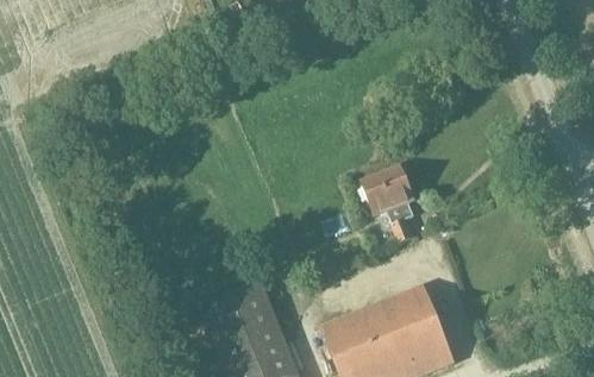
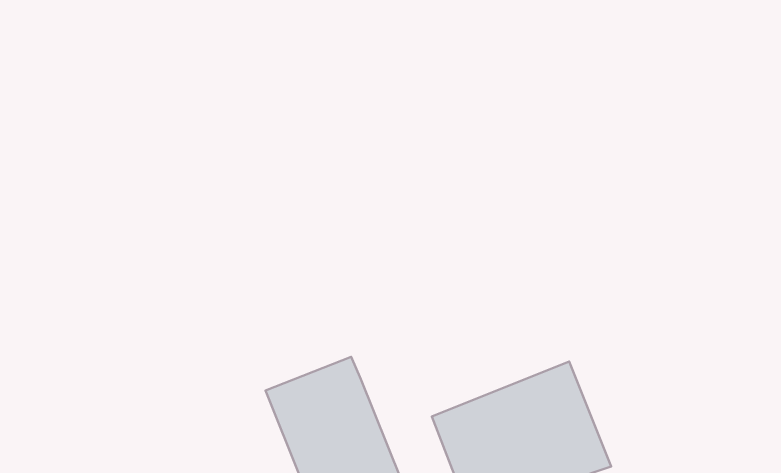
building: [361,166,414,244] -> none

